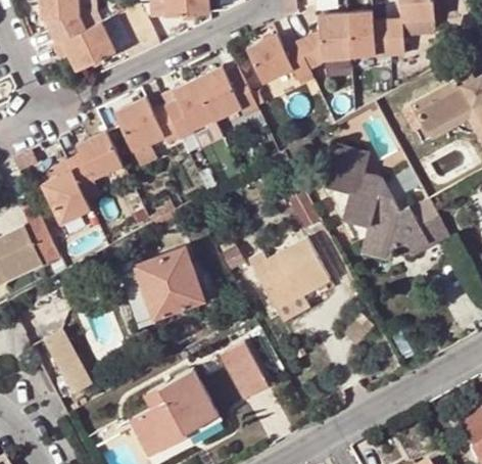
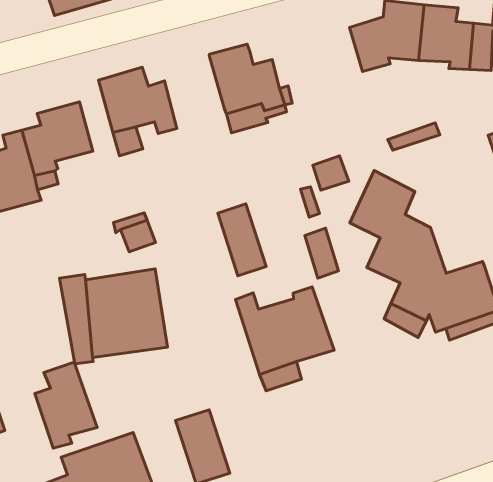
building: [247,35,314,84] -> none
building: [167,80,215,138] -> none
building: none -> [218,204,266,276]
building: none -> [35,362,97,448]

